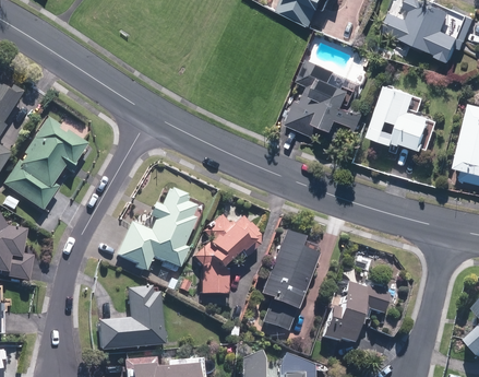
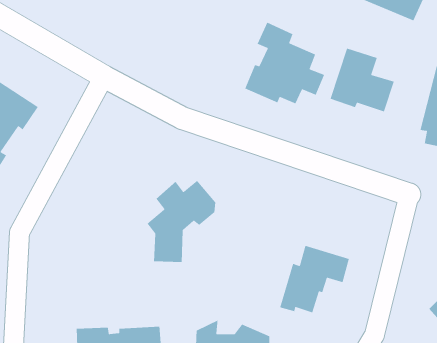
building: [116,188,204,272] -> none
building: [259,228,321,332] -> none
building: [97,286,165,351] -> none

